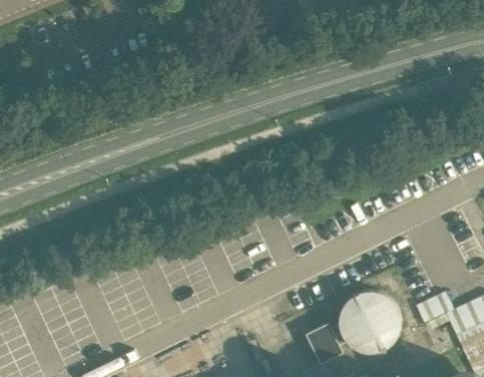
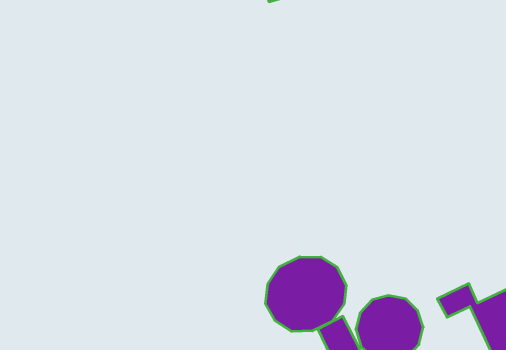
building: none -> [266,257,346,331]

